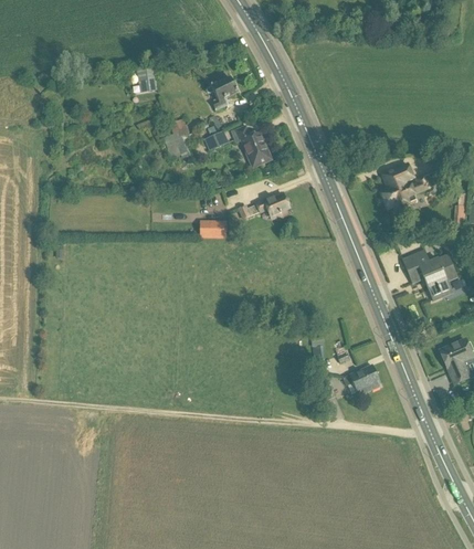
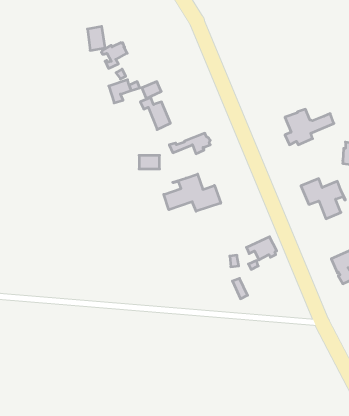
building: [207,78,239,110] -> [101,43,127,68]
building: [232,127,270,167] -> [140,97,170,130]
building: none -> [164,174,221,211]
building: [343,365,380,393] -> [246,237,277,260]

